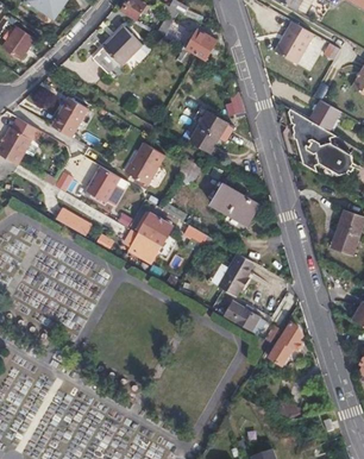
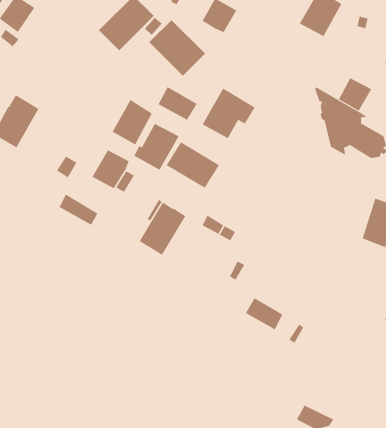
building: none -> [149,19,206,76]
building: [51,95,88,137] -> [112,99,153,145]
building: none -> [158,86,197,121]
building: [211,182,259,225] -> [166,141,220,189]
building: [218,252,255,296] -> none
building: [268,320,303,365] -> none

